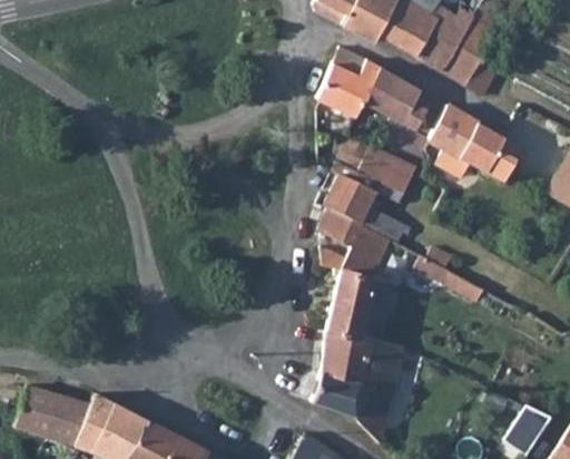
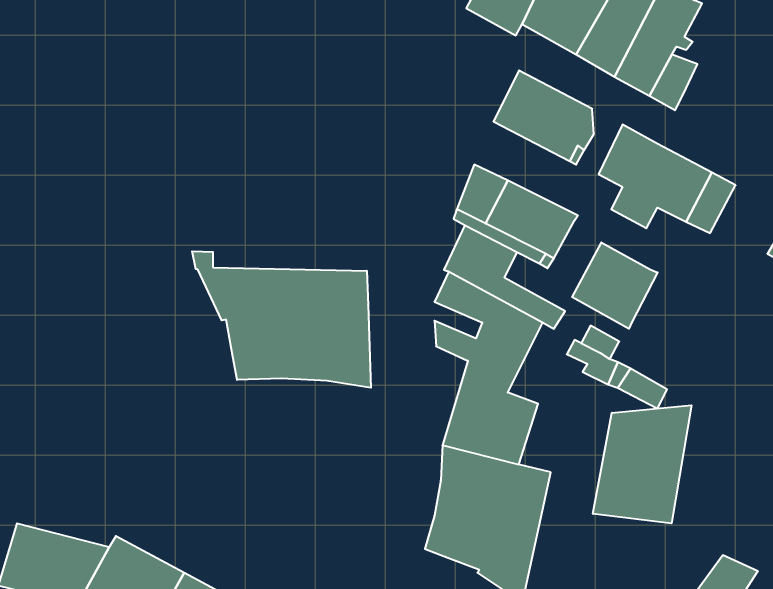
building: [317,49,379,116] -> none
building: none -> [572,242,658,329]
building: none -> [192,251,371,388]
building: none -> [593,405,691,523]

